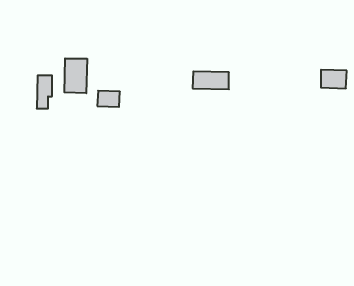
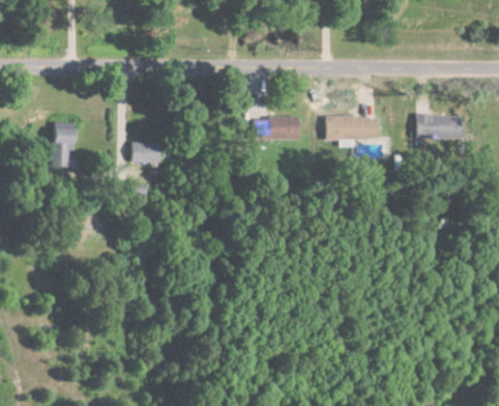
building: [64,58,87,93] -> none
building: none -> [327,116,380,146]

